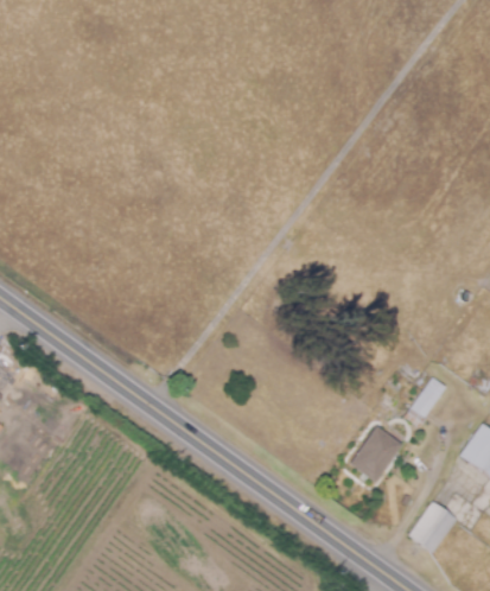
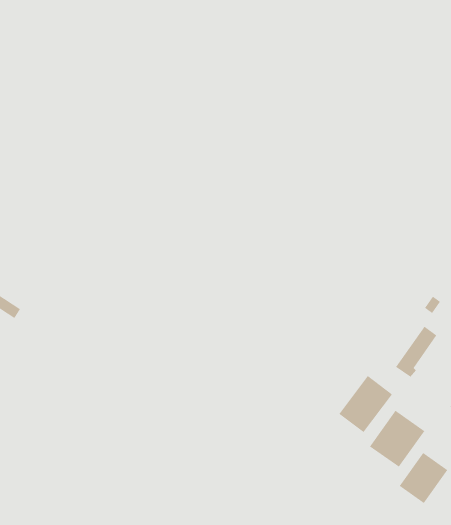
building: none -> [369,410,425,468]

